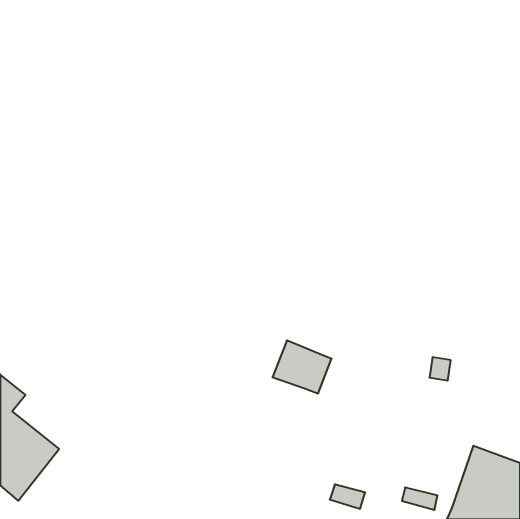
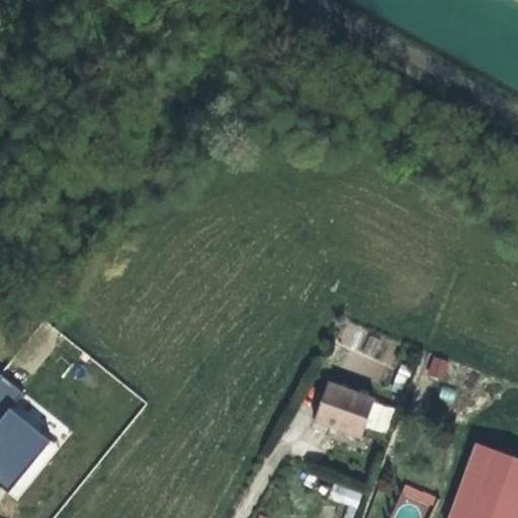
building: [272,340,332,393] -> [317,385,375,438]

